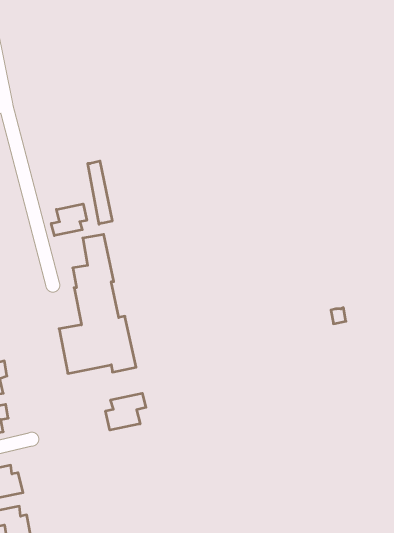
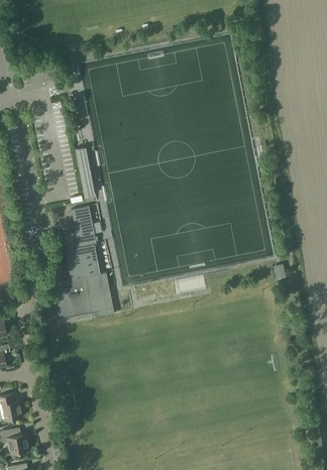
building: [51,204,87,236] -> none
building: [106,393,146,430] -> none

